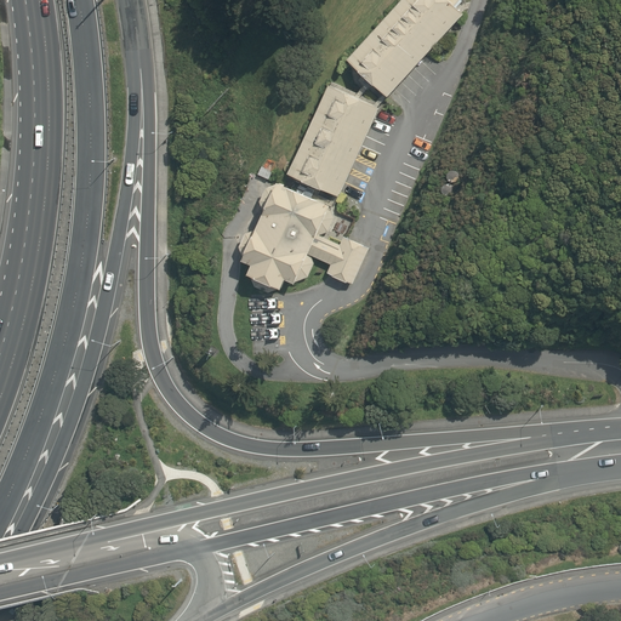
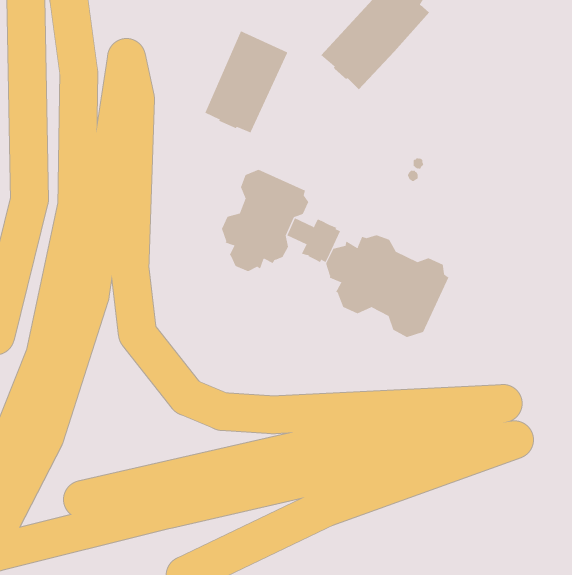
building: [287,85,377,195] -> [204,31,288,133]
building: none -> [326,235,449,338]

